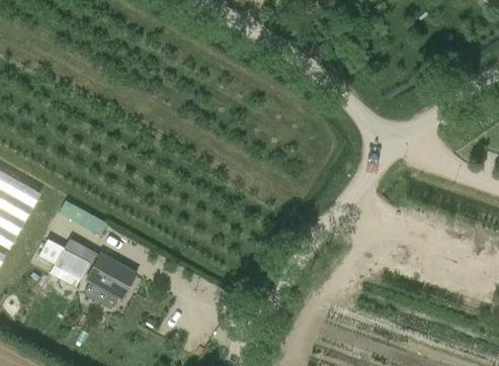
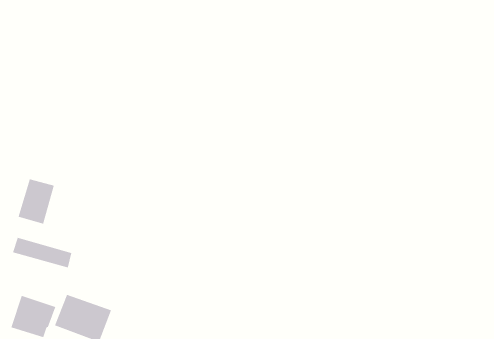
building: none -> [18,178,55,225]

